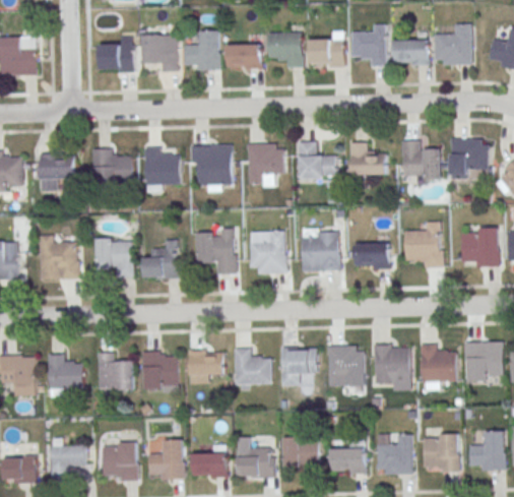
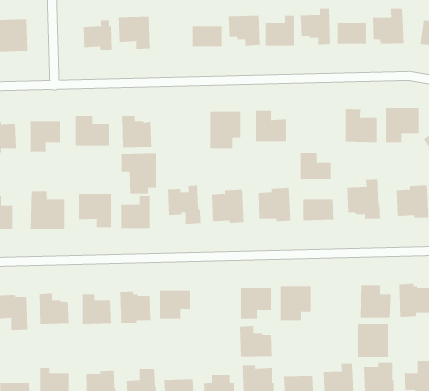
building: [183,29,219,70] -> none
building: [350,142,387,174] -> [300,152,332,180]
building: [190,143,232,191] -> [121,153,157,194]
building: [373,344,409,383] -> [357,323,389,358]
building: [234,348,272,384] -> [239,326,273,357]

